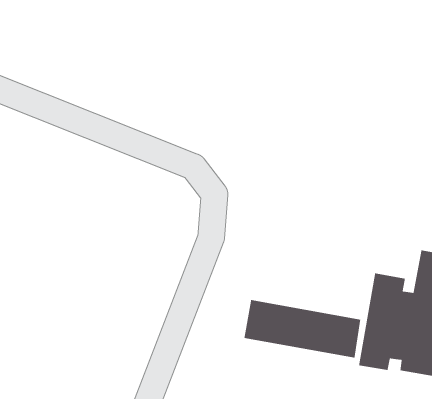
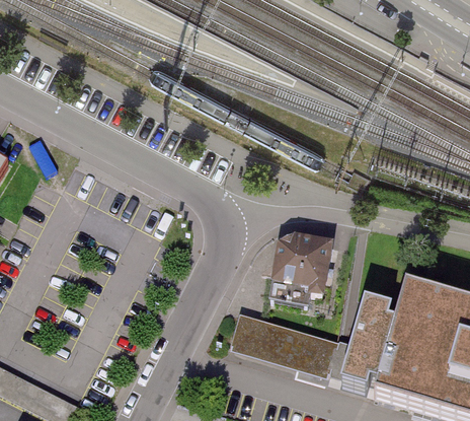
building: none -> [268,235,329,290]

